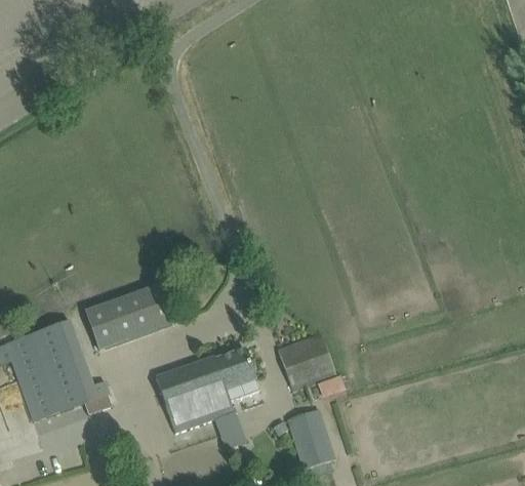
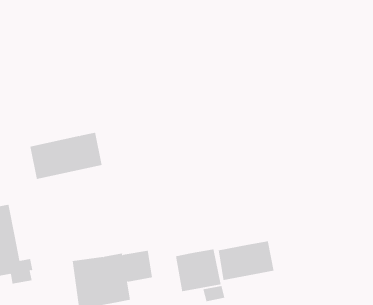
building: [85,283,175,351] -> [30,132,102,180]
building: none -> [218,241,274,281]

